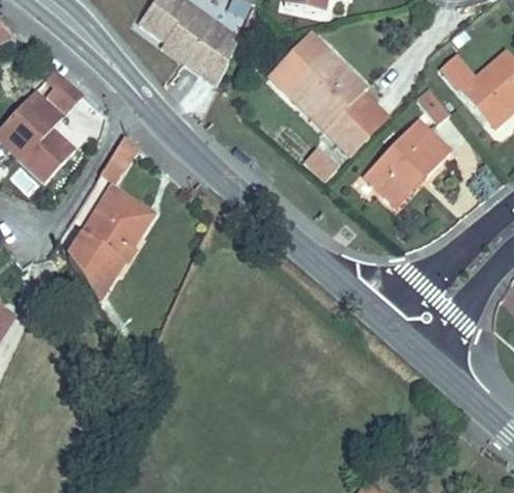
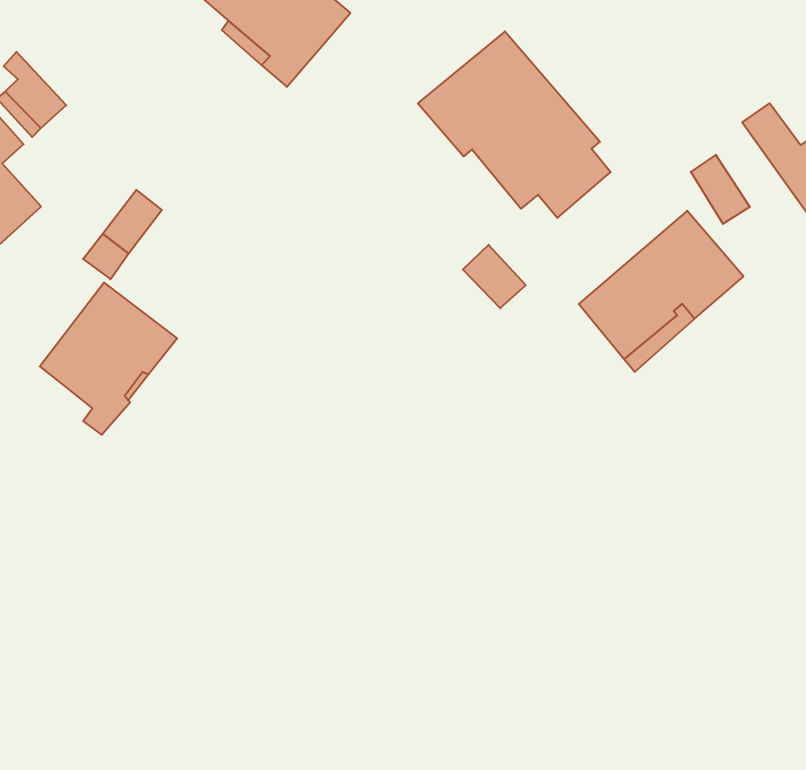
building: [199,31,238,85] -> none
building: [296,98,390,156] -> none
building: [67,235,118,302] -> none

